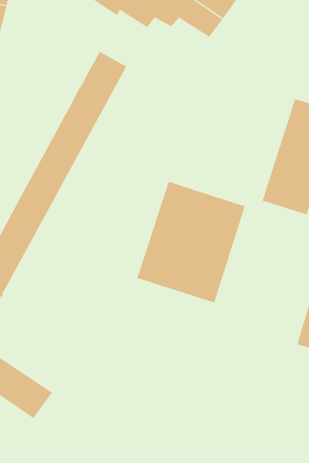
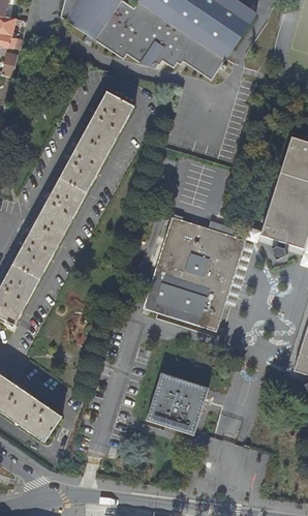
building: none -> [146,371,208,433]

